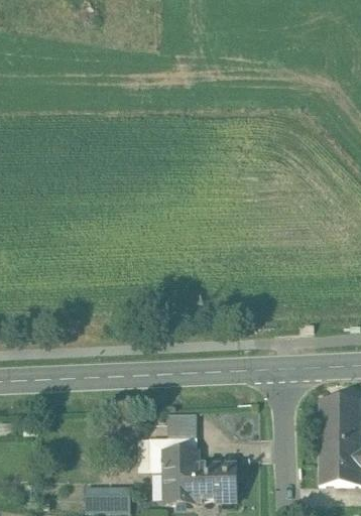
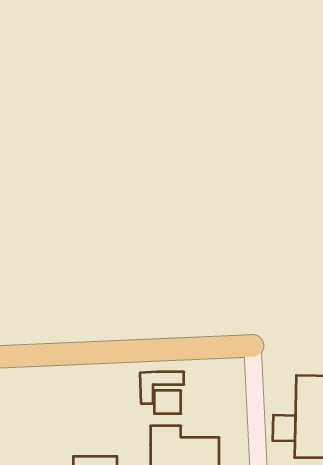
building: [151,438,198,472] -> [140,372,184,403]
building: none -> [273,415,295,441]

